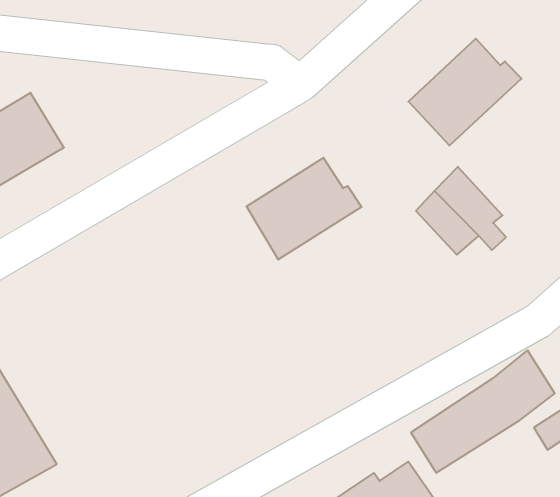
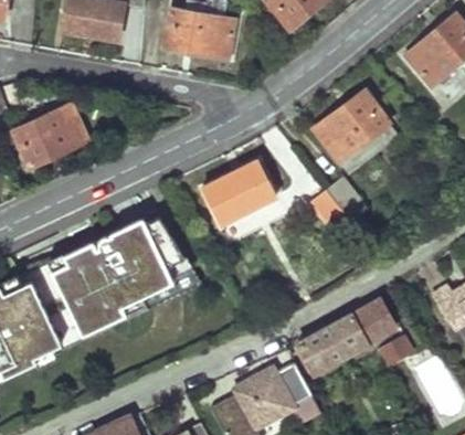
building: none -> [46,215,181,337]

